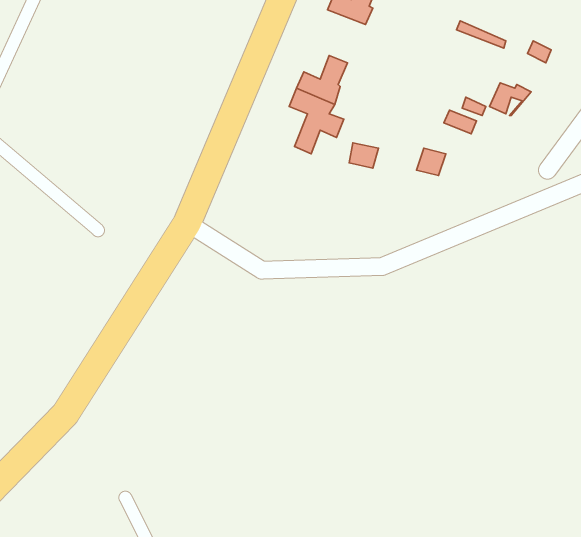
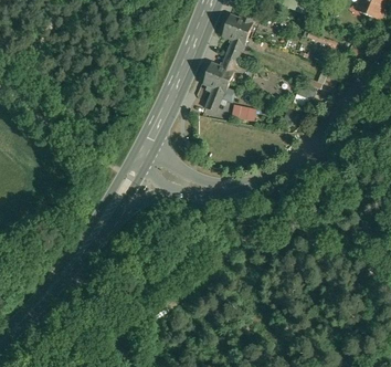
building: none -> [221,27,249,59]

